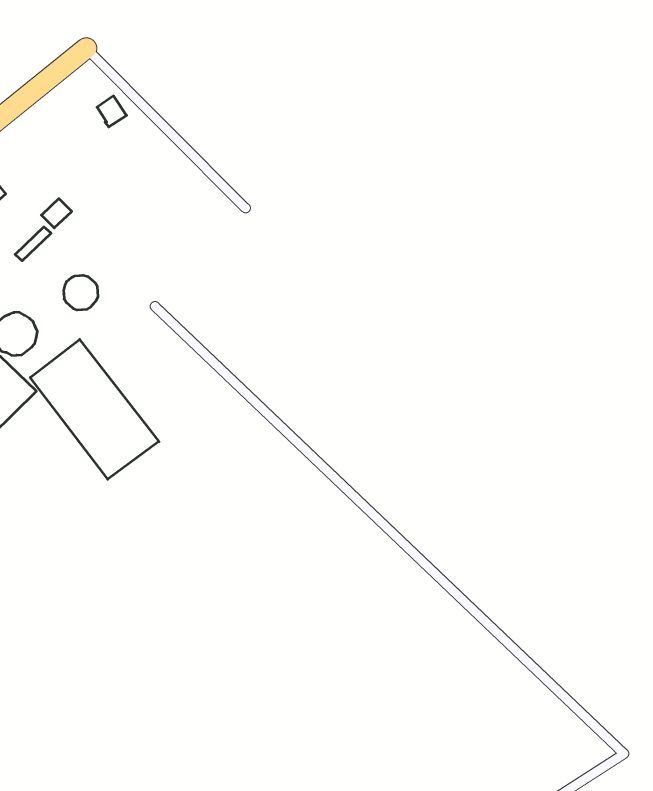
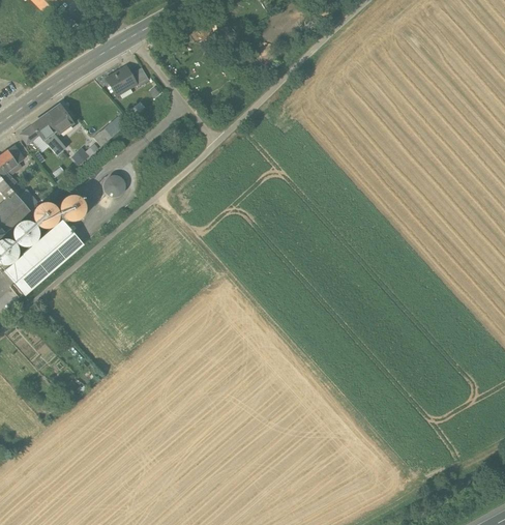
building: none -> [107,69,137,94]
building: [30,339,159,479] -> none

